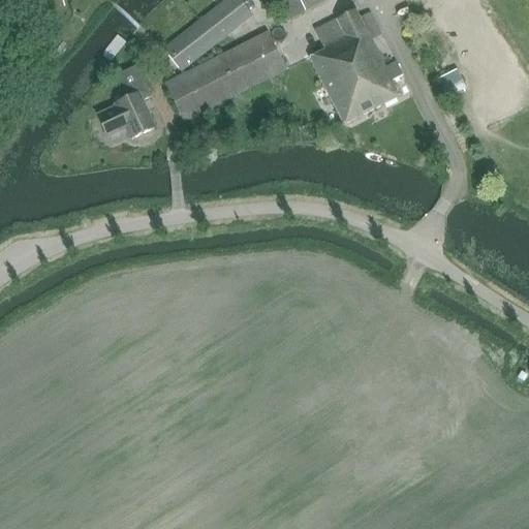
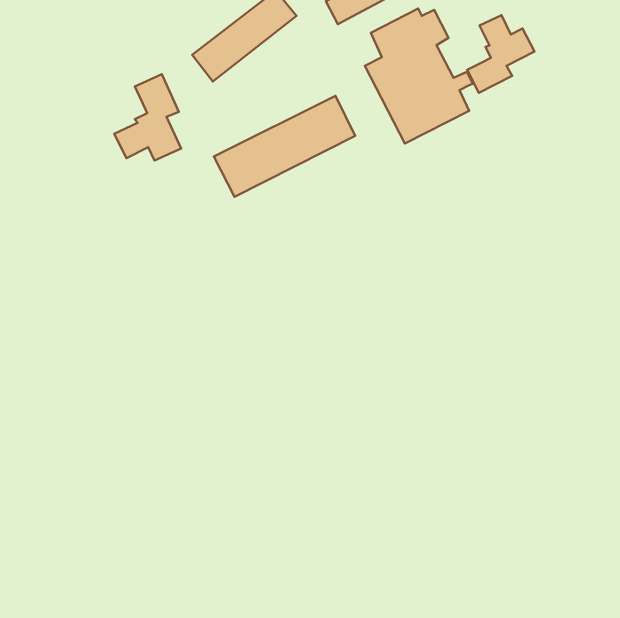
building: none -> [467,15,534,93]
building: [166,32,286,118] -> [214,96,355,197]

